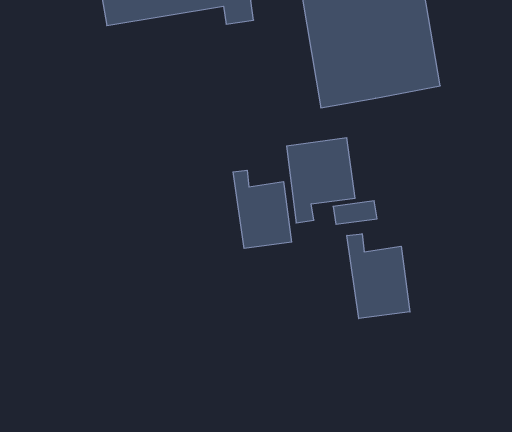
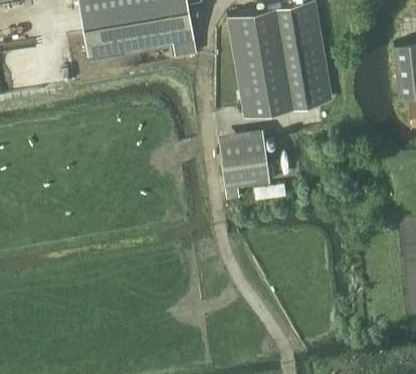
building: [233,170,292,248] -> none
building: [347,234,410,319] -> none

